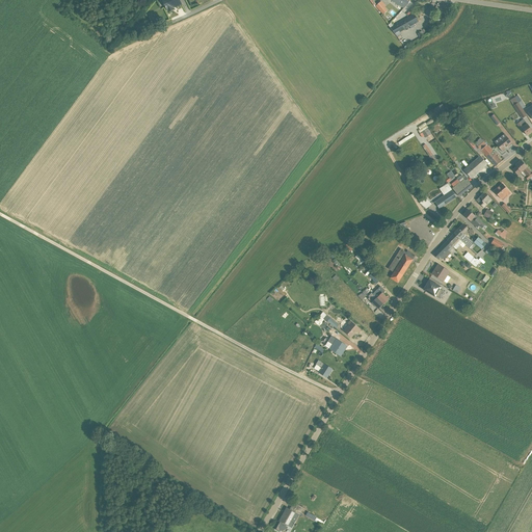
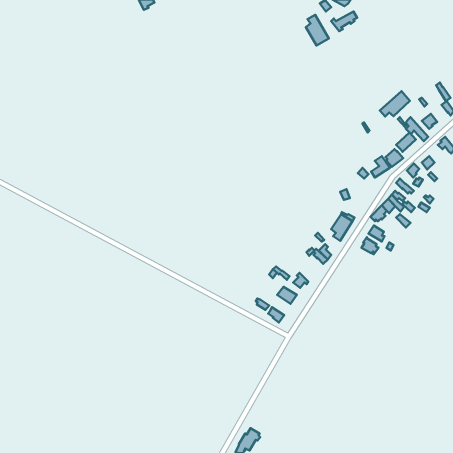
building: none -> [306,15,329,45]
building: none -> [380,91,410,117]

